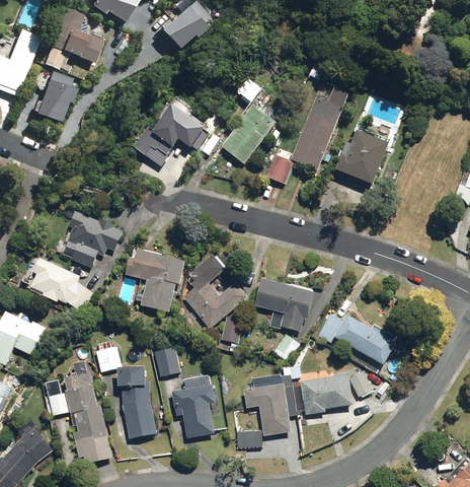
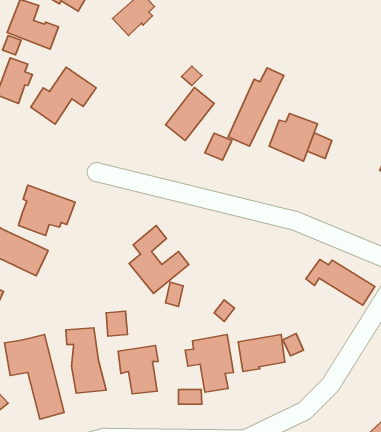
building: [133,103,204,165] -> [31,67,96,124]
building: none -> [307,133,332,159]
building: [124,249,183,311] -> none
building: [256,284,309,331] -> none
building: [317,314,392,363] -> [306,259,375,305]
building: [98,347,123,370] -> none

